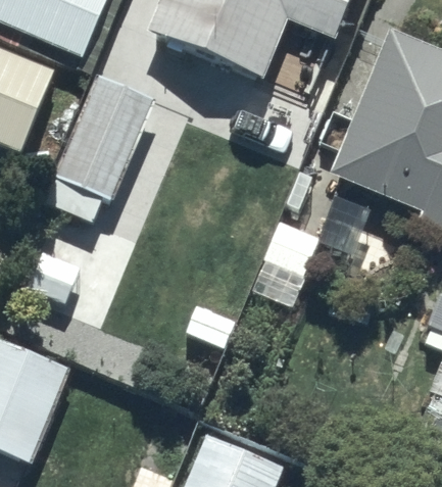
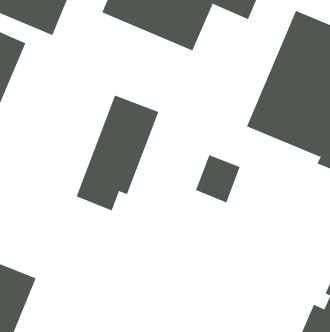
building: [48,74,153,221] -> [76,95,159,211]

